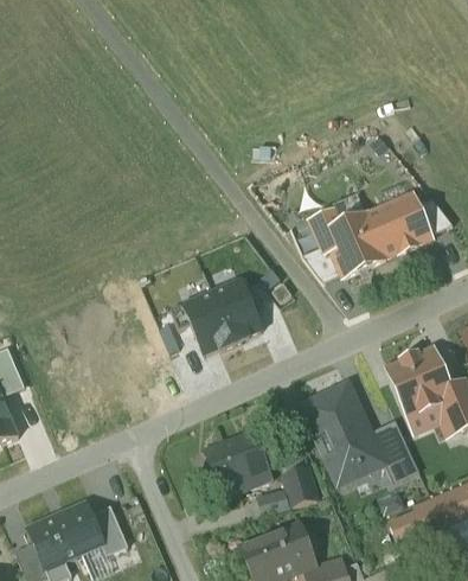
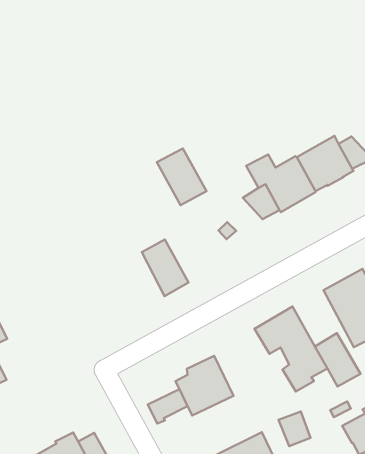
building: [210,280,263,344] -> [157,148,207,205]
building: none -> [148,389,188,424]
building: [283,465,318,503] -> [278,411,311,446]

